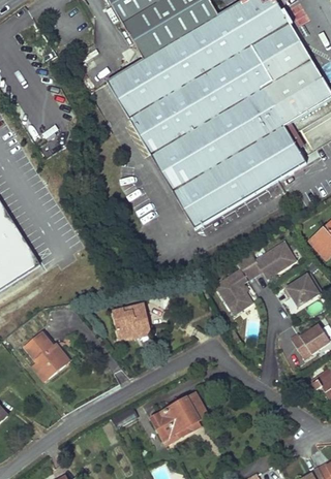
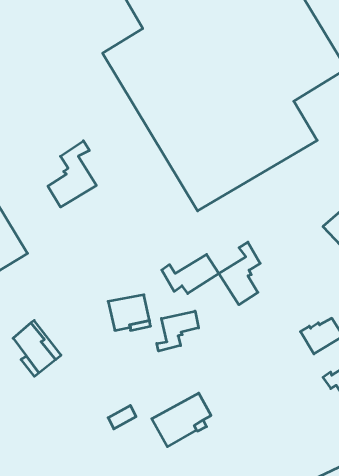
building: none -> [48,141,96,207]
building: [241,241,294,277] -> [162,254,219,294]
building: [282,272,318,305] -> none
building: none -> [157,311,199,351]

